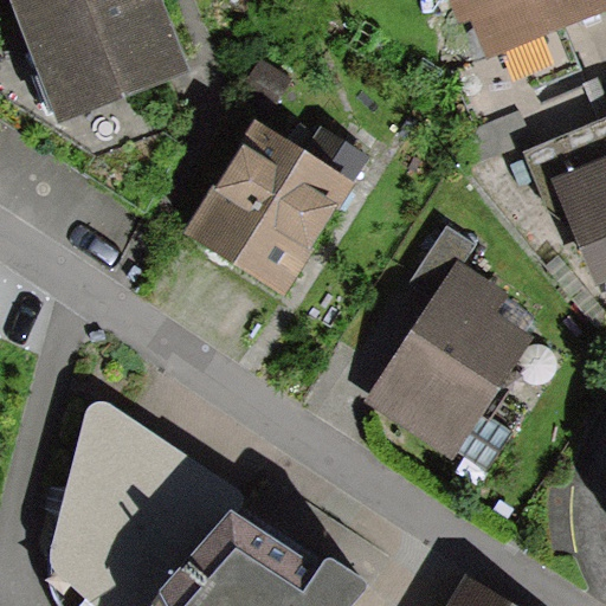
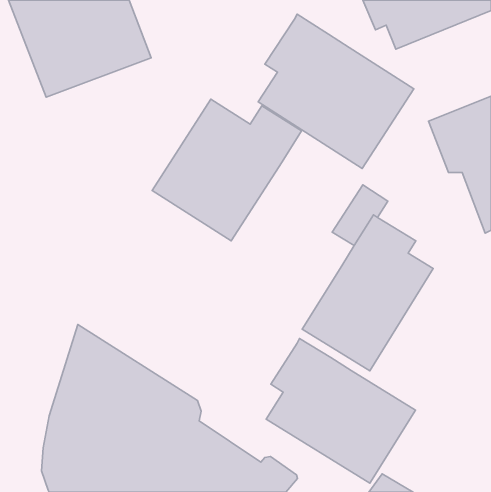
building: none -> [258,14,414,168]
building: none -> [266,338,415,483]

